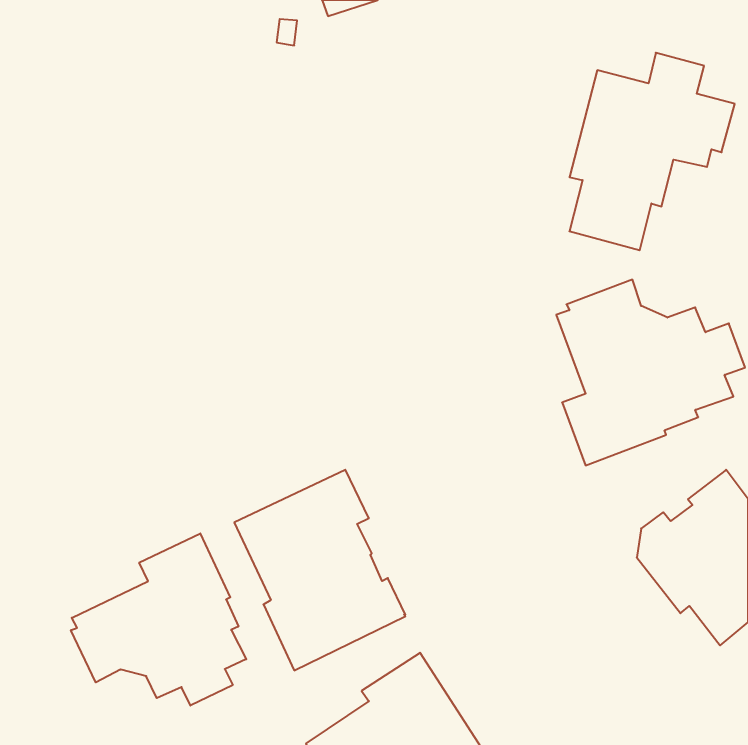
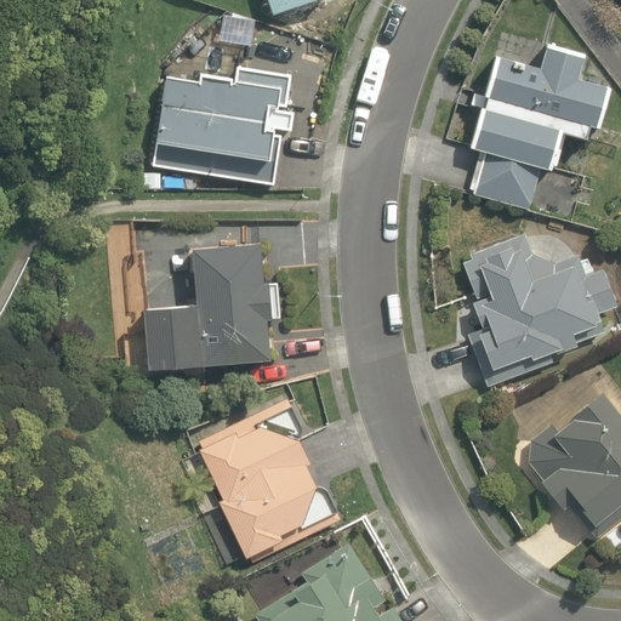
building: none -> [154,68,289,186]
building: none -> [143,245,272,368]
building: [71,533,246,706] -> none

